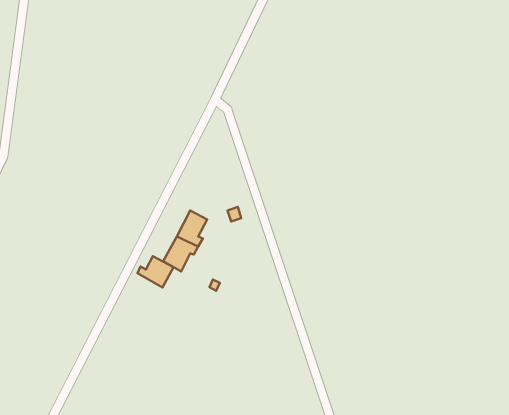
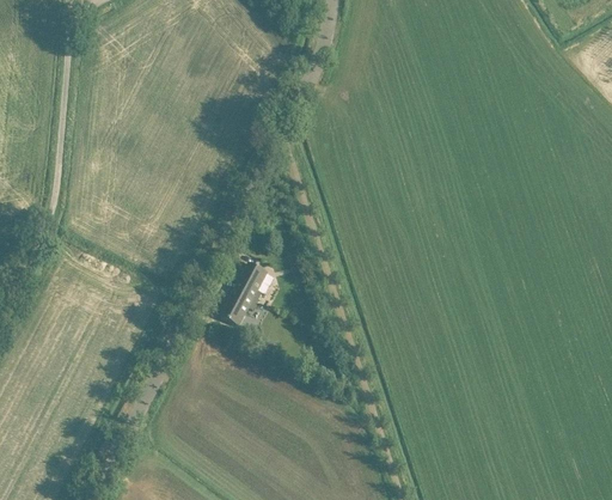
building: [137,256,173,287] -> none

